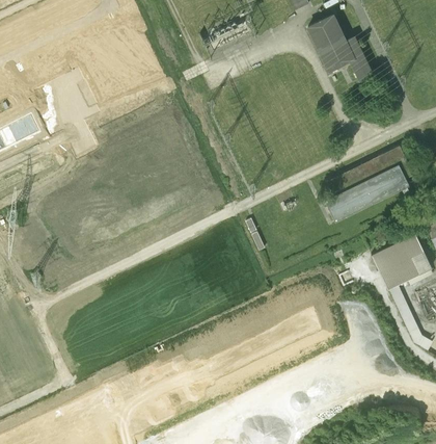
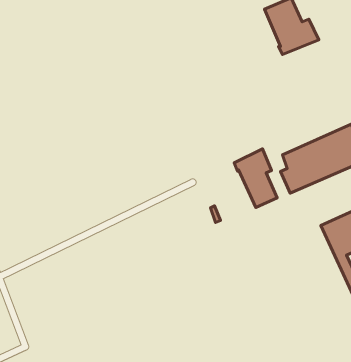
building: none -> [234,149,277,208]

